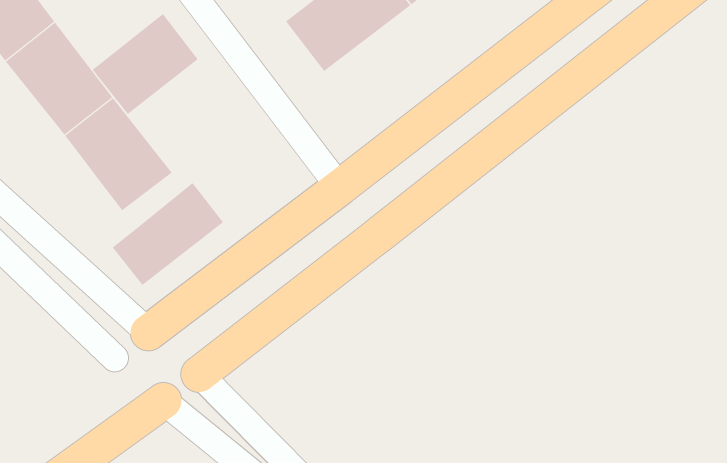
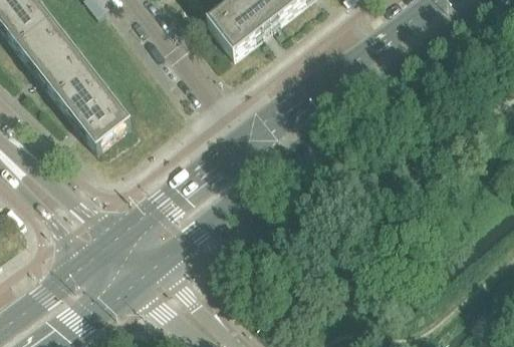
building: [92,13,198,115] -> none
building: [112,182,224,286] -> none

